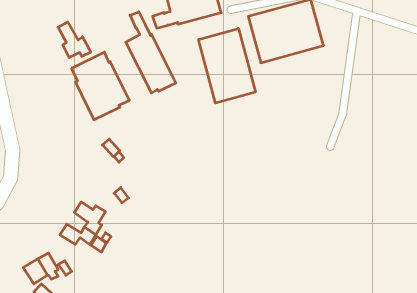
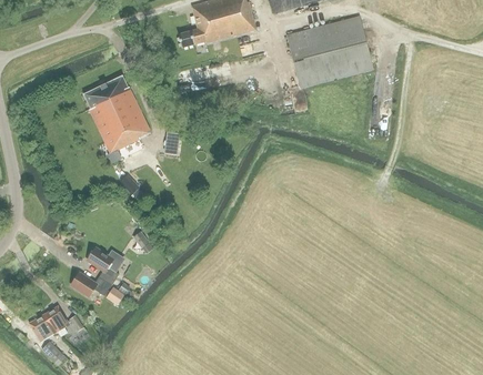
building: [126,12,176,93] -> none
building: [58,22,91,58] -> none
building: [199,28,255,103] -> none

